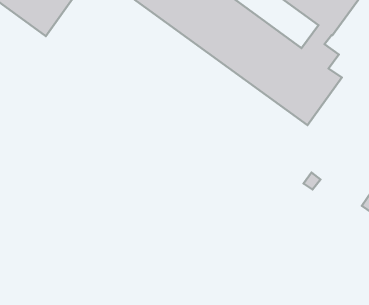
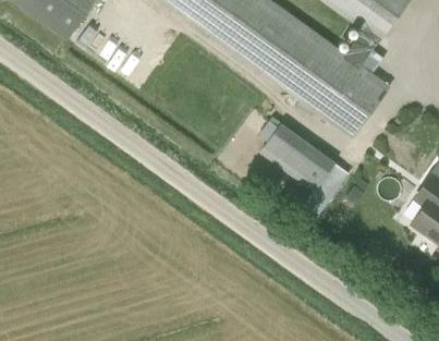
building: none -> [259,123,351,220]

